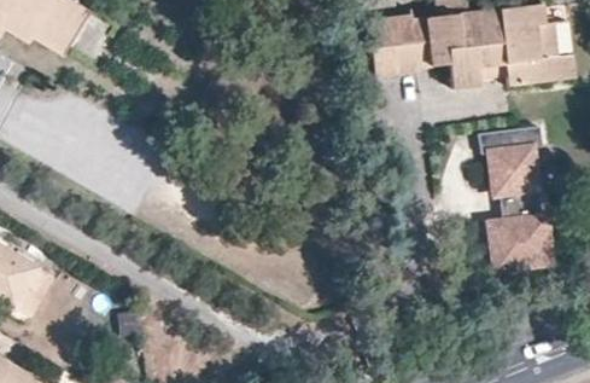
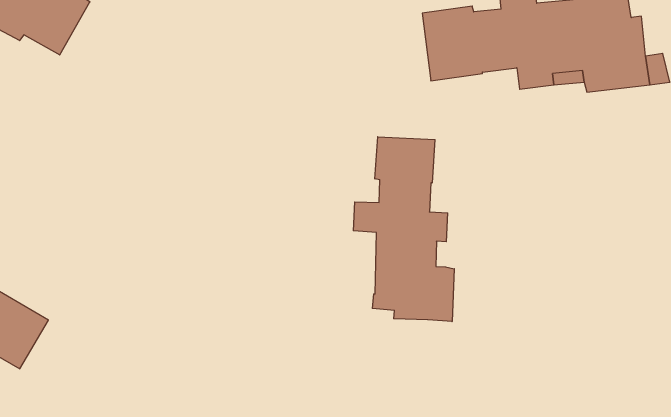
building: none -> [353,137,454,322]
building: [485,139,555,279] -> none

